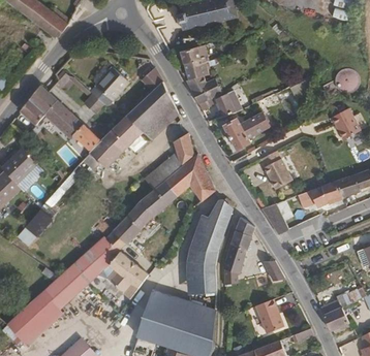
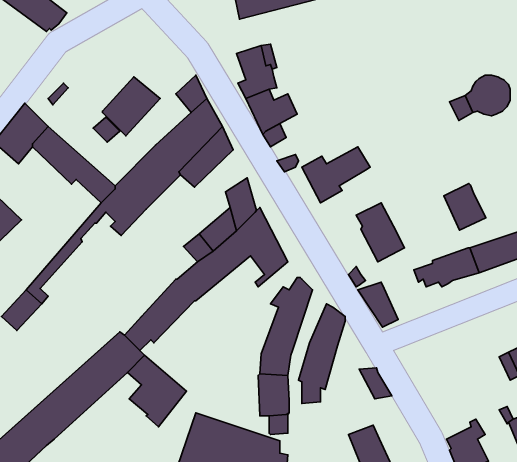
building: [216,91,243,118] -> none
building: [334,107,362,138] -> [444,184,486,230]
building: [187,216,209,292] -> none

